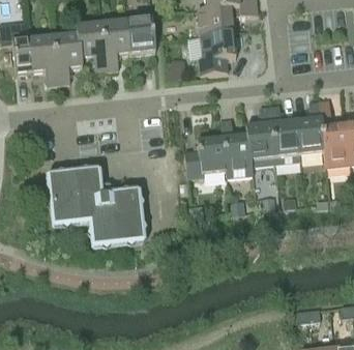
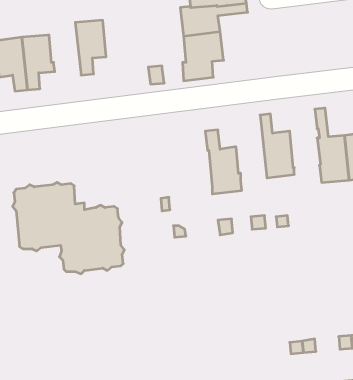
building: [126,8,155,53] -> none
building: [76,22,107,70] -> none
building: [296,100,324,153] -> none
building: [245,106,275,166] -> none
building: [184,138,226,178] -> none

